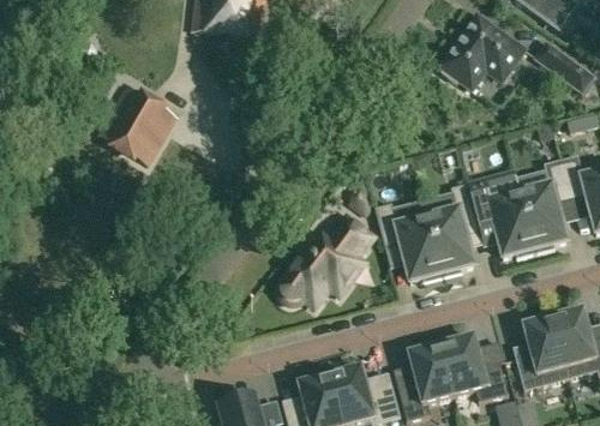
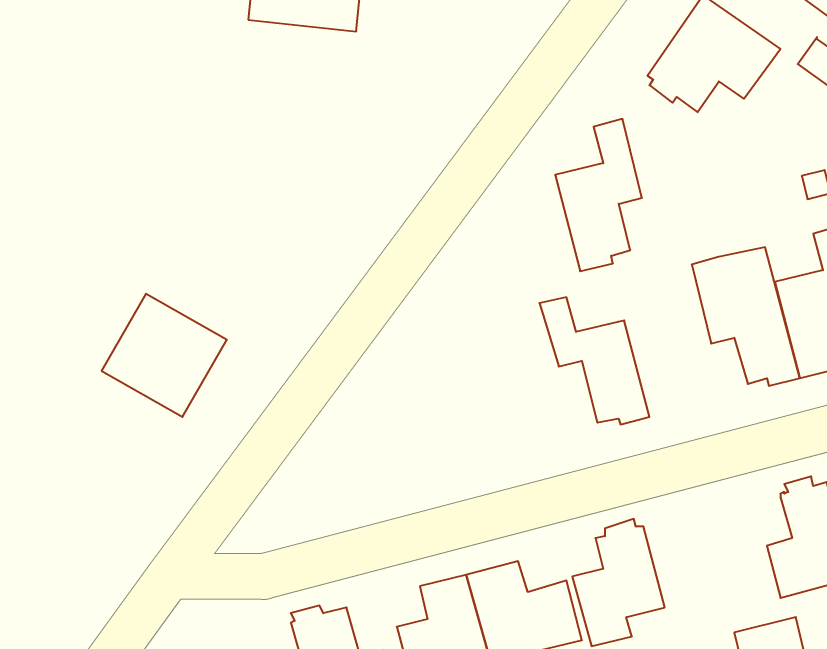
building: [98,84,176,161] -> [102,294,227,417]
building: [426,181,480,276] -> [555,119,642,271]
building: [280,214,372,300] -> none
building: [438,331,508,400] -> none

